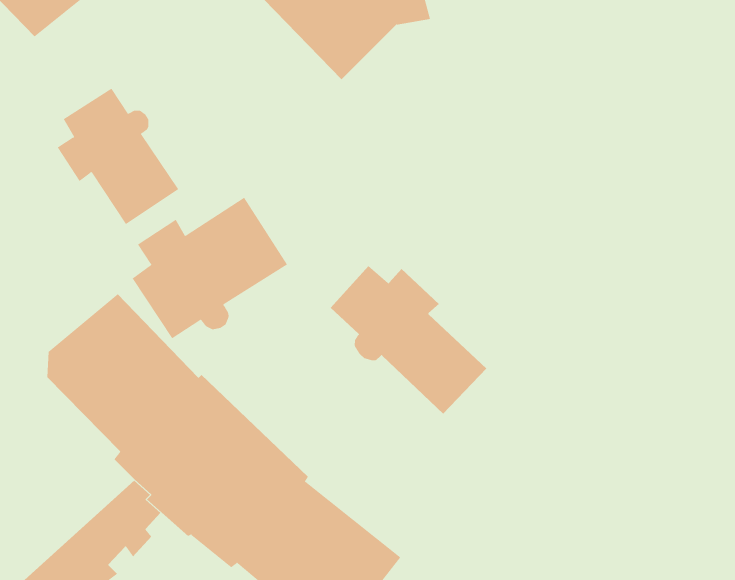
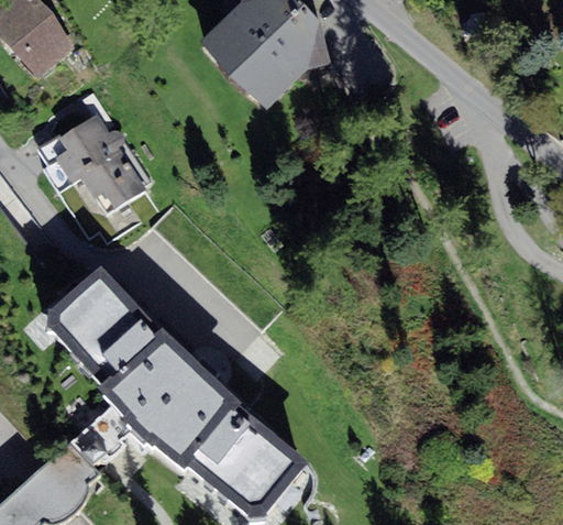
building: [132,197,288,339] -> none
building: [330,265,487,415] -> none

